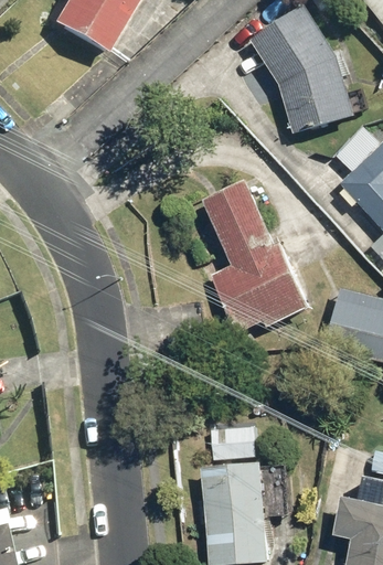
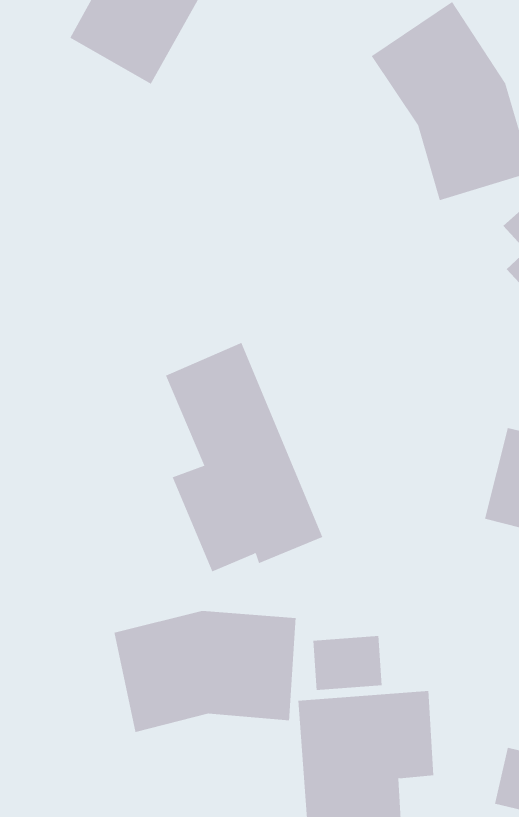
building: [203,182,308,334] -> [165,342,323,572]
building: none -> [114,610,296,733]

